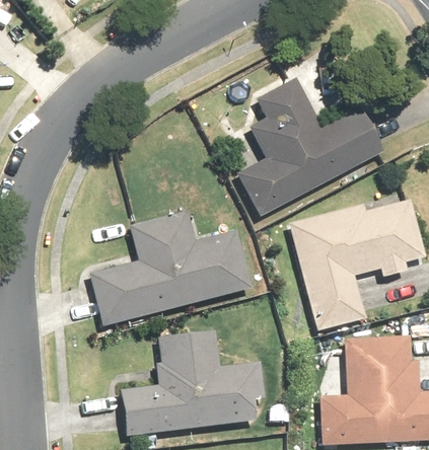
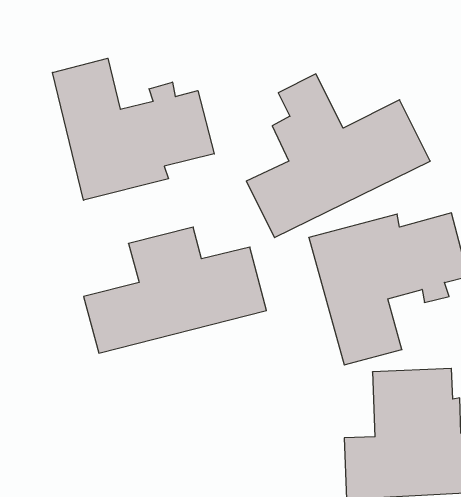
building: none -> [52,58,214,200]
building: [117,330,264,437] -> none

